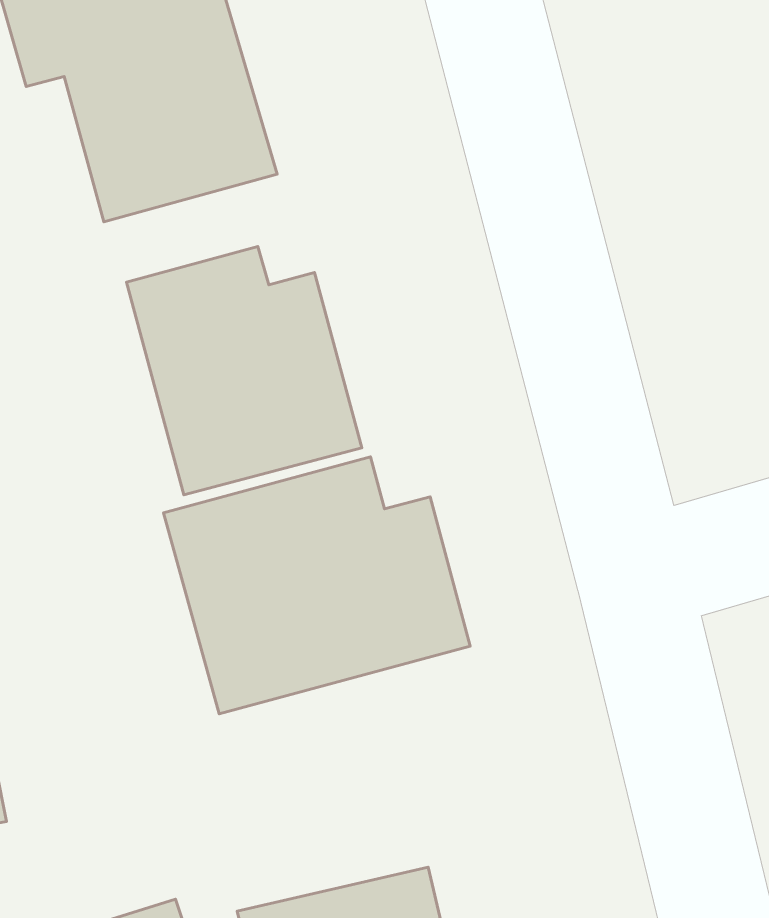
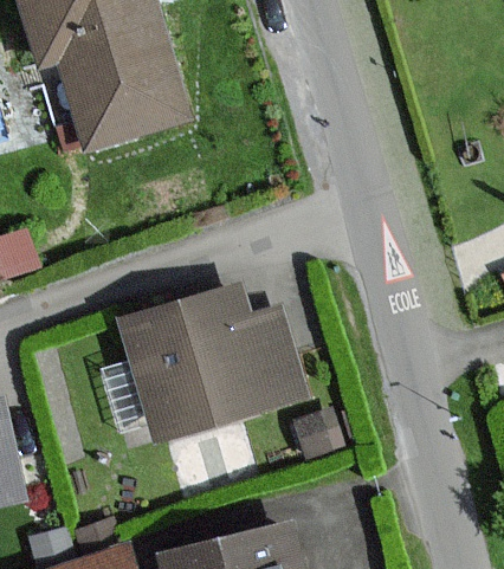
building: [126,246,362,495] -> none

